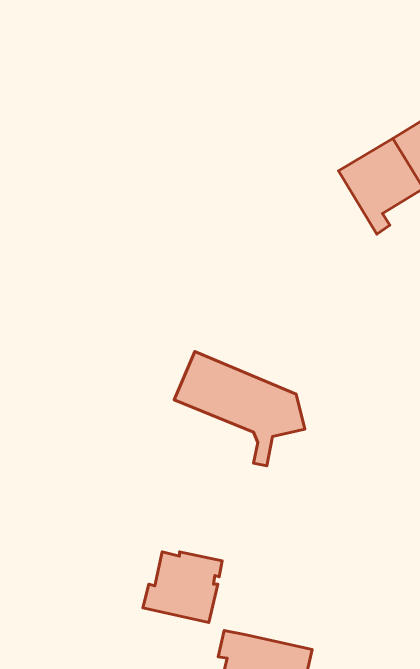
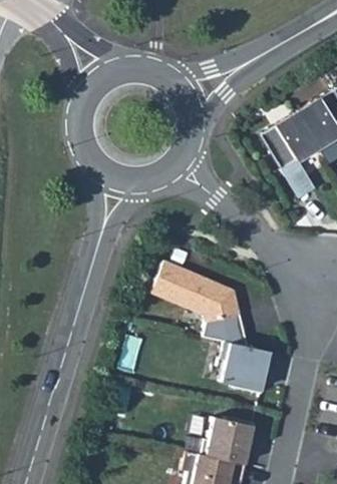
building: none -> [220,342,270,393]
building: [143,552,222,622] -> [200,416,254,464]

